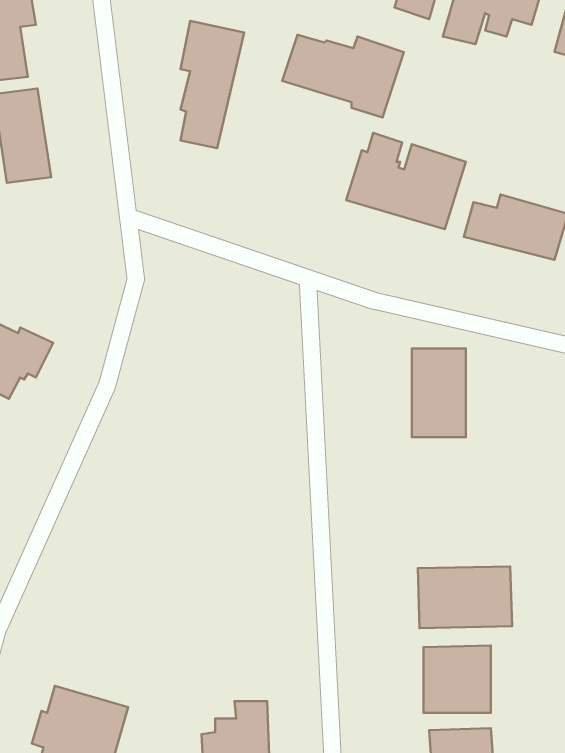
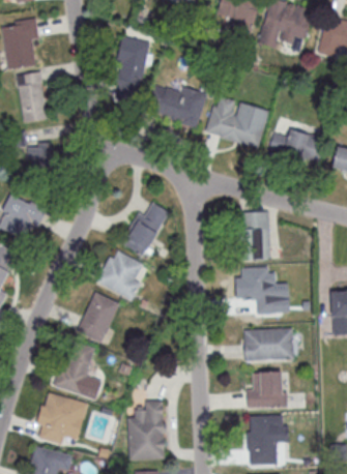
building: [282,35,404,118] -> [143,84,208,128]
building: none -> [27,143,54,167]
building: none -> [120,202,169,256]
building: none -> [96,250,143,300]
building: none -> [238,266,279,315]
building: none -> [77,292,119,343]
building: none -> [53,340,102,399]

